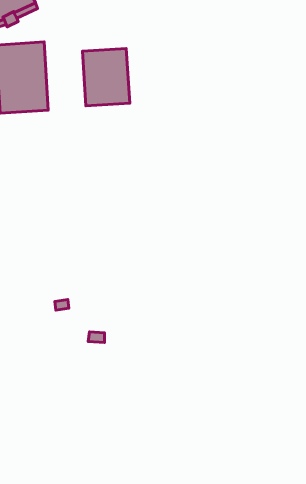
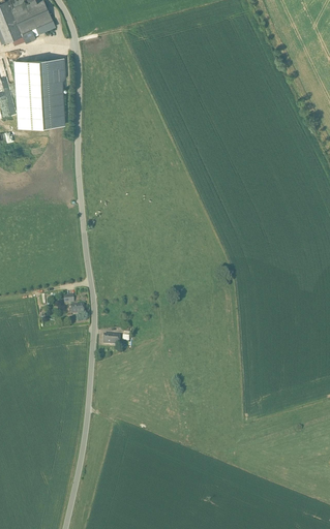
building: [83,48,130,106] -> none

